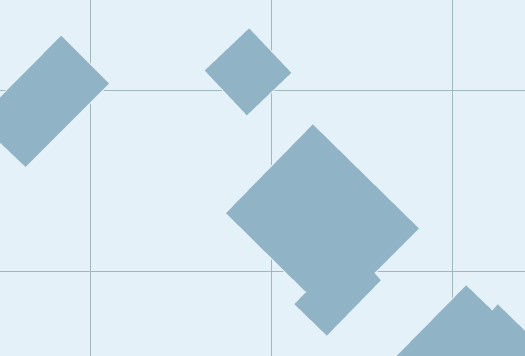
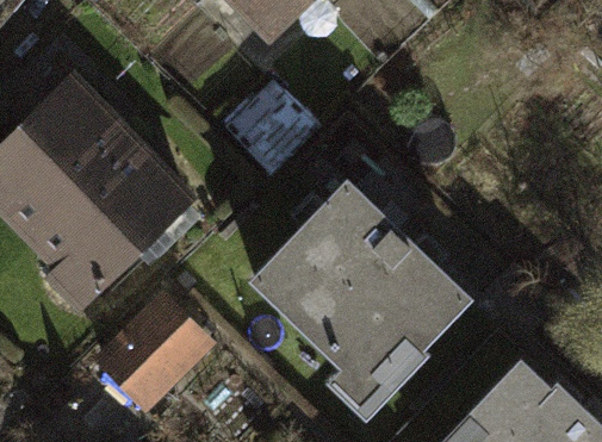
building: none -> [33,138,191,293]
building: none -> [101,300,209,406]

